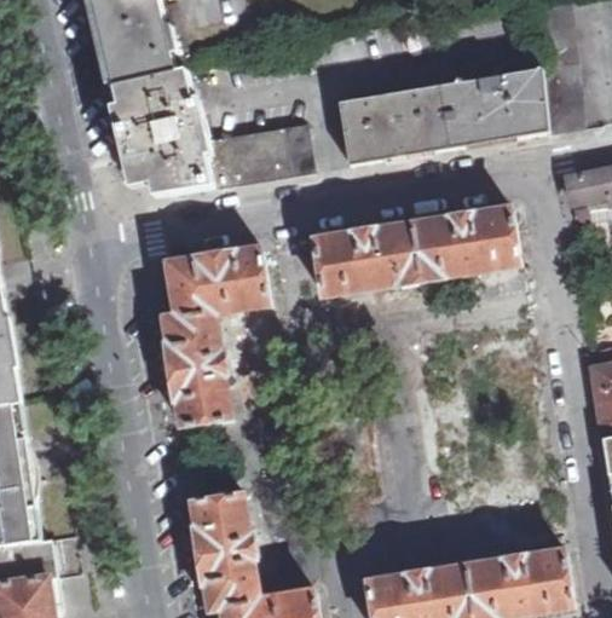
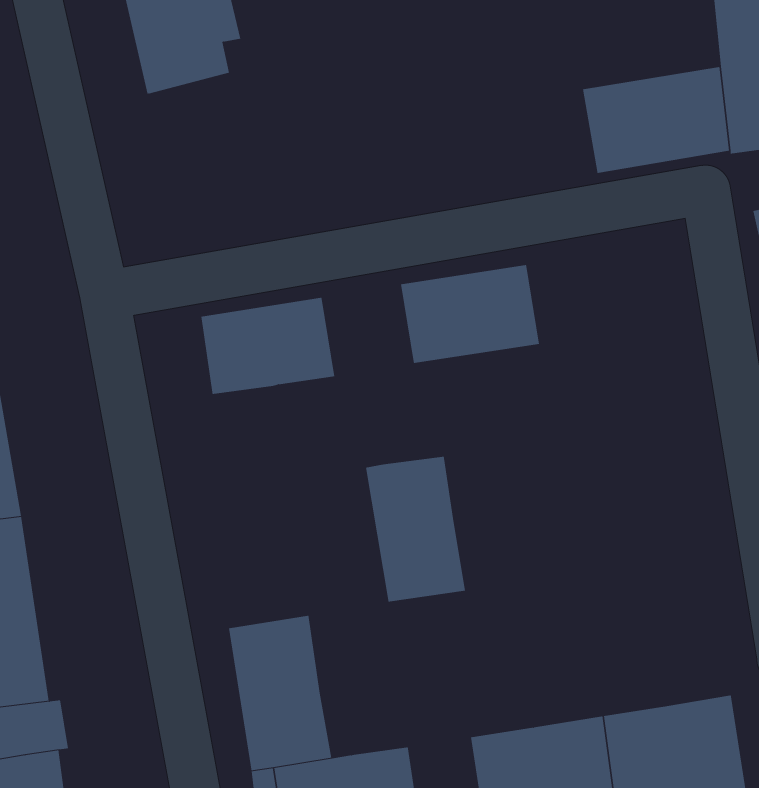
building: [120,75,318,197] -> none
building: [343,88,454,168] -> none
building: [402,203,512,278] -> none
building: [154,310,229,418] -> [365,456,466,602]

